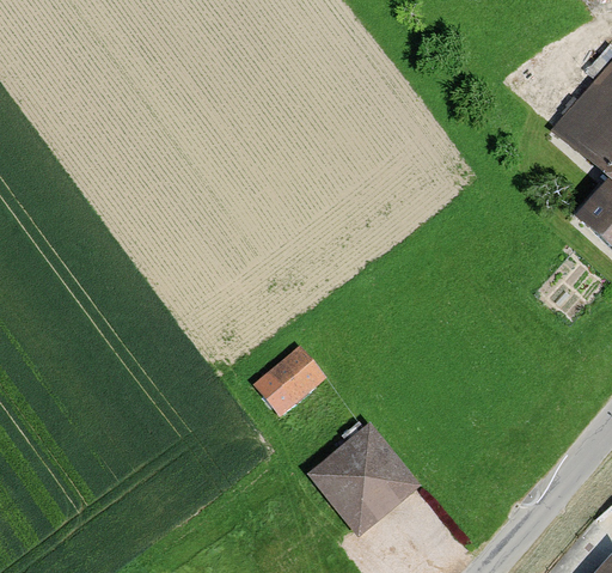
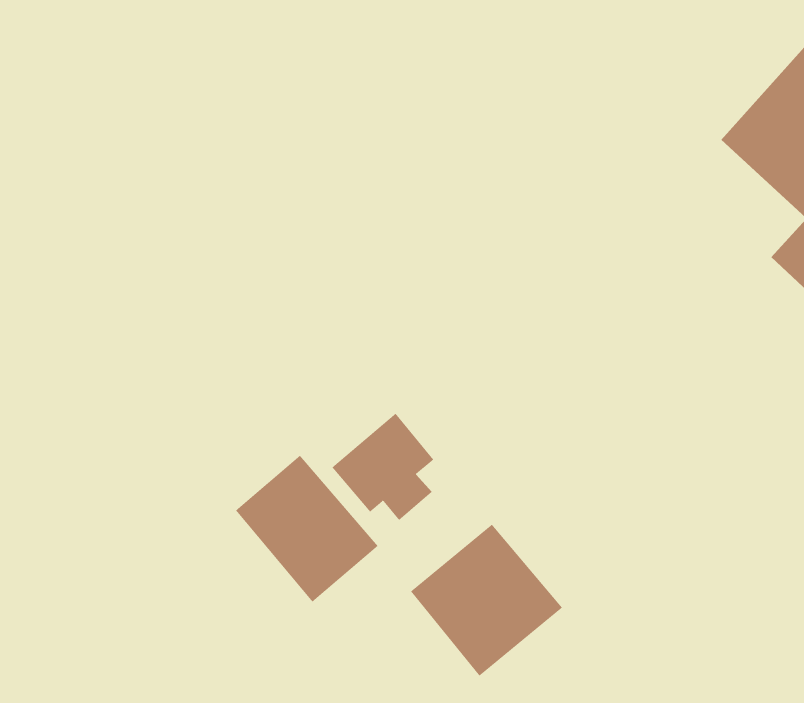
building: none -> [235,455,379,603]

